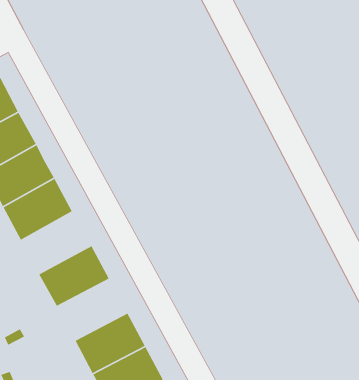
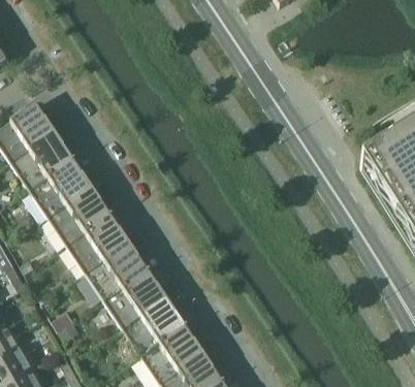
building: none -> [66,214,129,271]
building: none -> [103,269,166,326]

